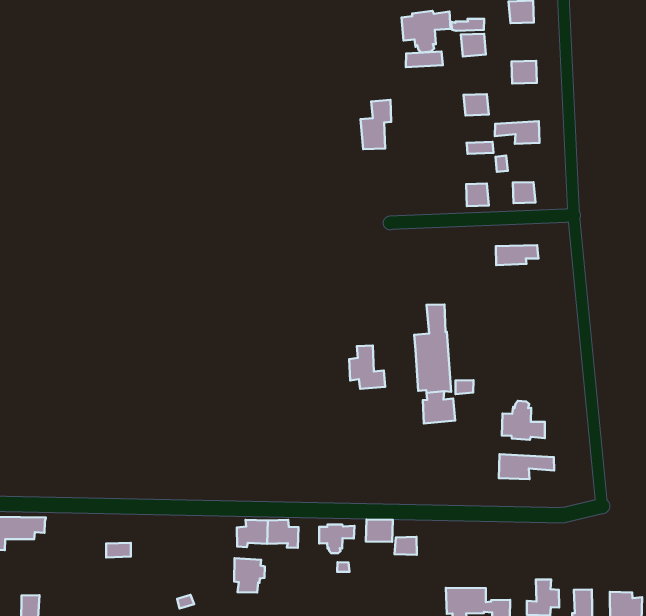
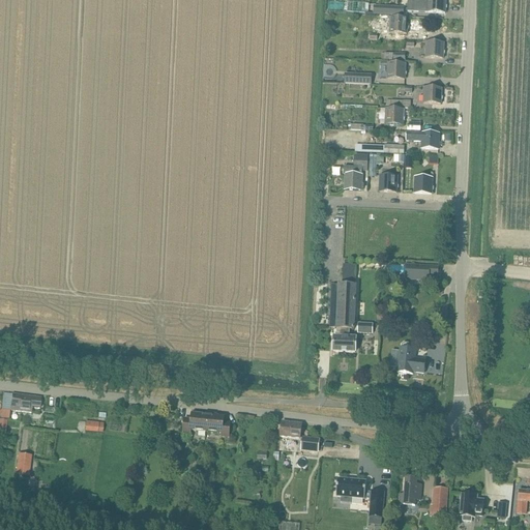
building: [401,11,450,53] -> none
building: [361,100,391,149] -> [345,151,369,187]
building: [496,245,538,265] -> [406,262,438,277]
building: [349,345,385,389] -> none
building: [499,454,554,479] -> none
building: [319,524,355,553] -> none
building: [234,558,265,593] -> none

